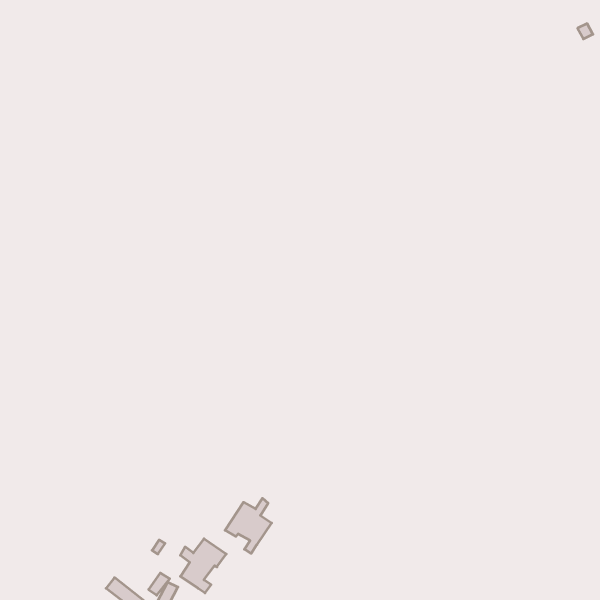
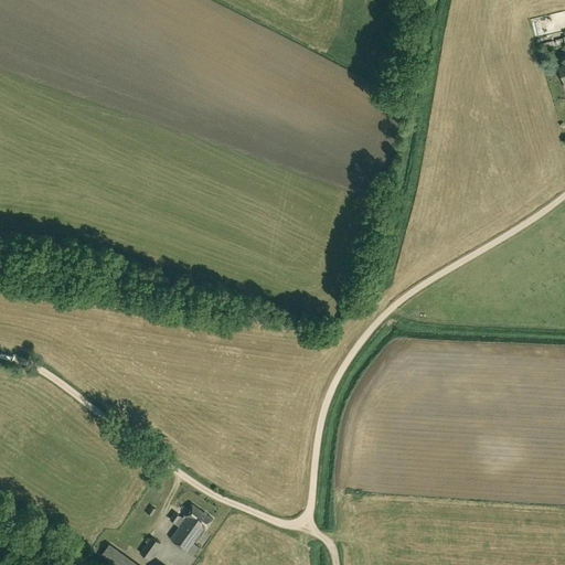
building: [225,498,272,553] -> none

